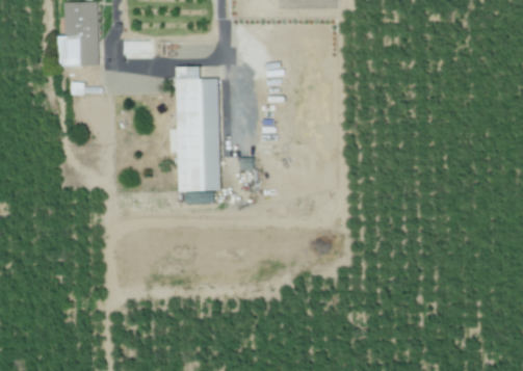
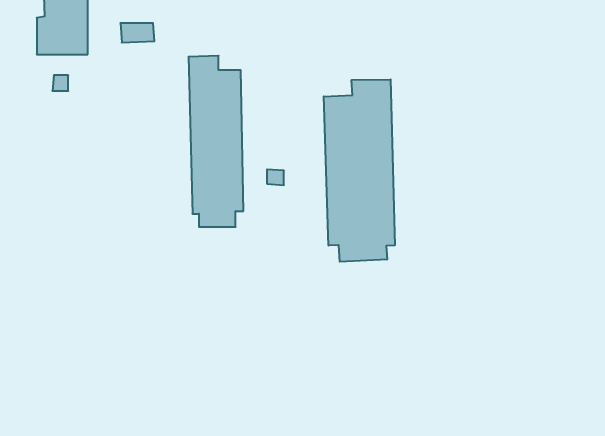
building: none -> [324,79,395,262]

